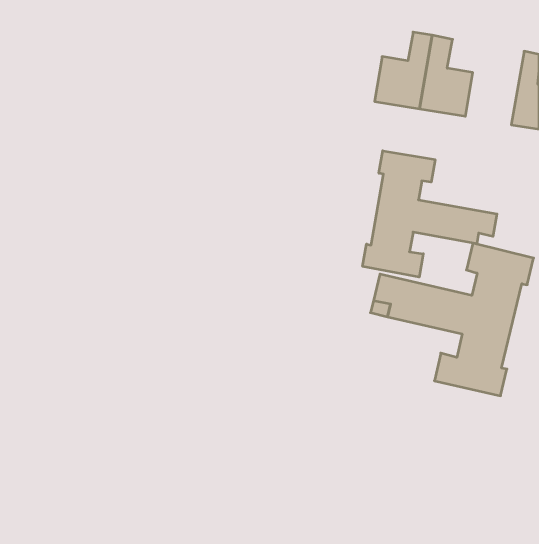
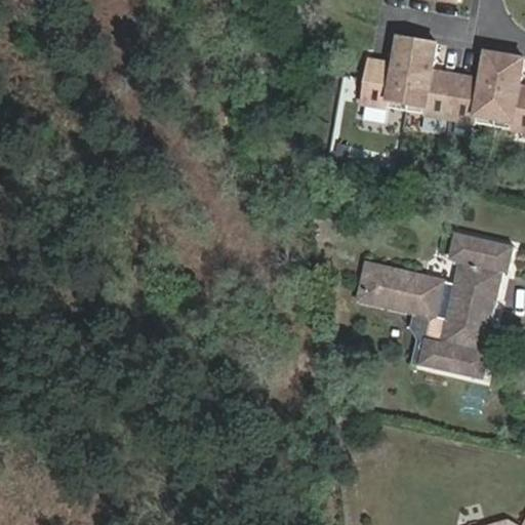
building: none -> [447,46,503,120]
building: [363,151,497,277] -> none

